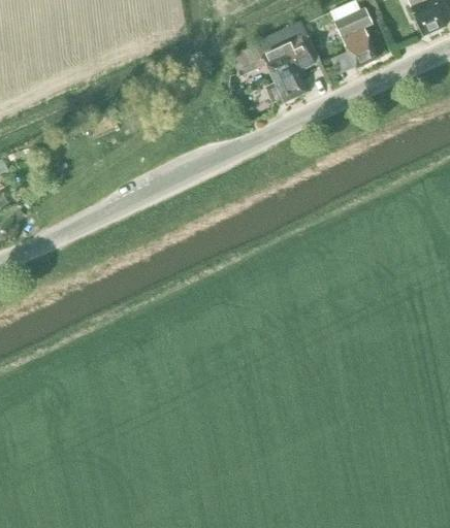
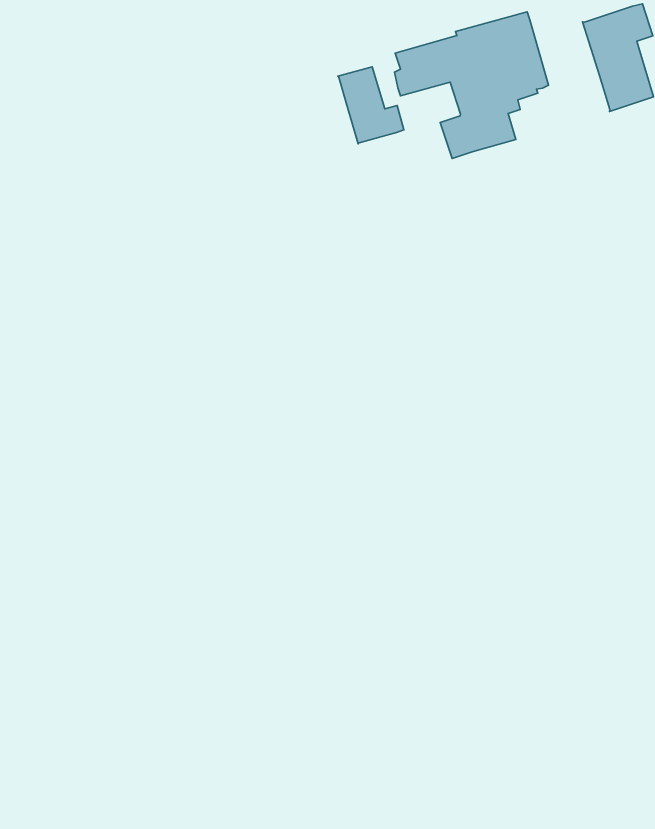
building: none -> [338,67,404,144]

